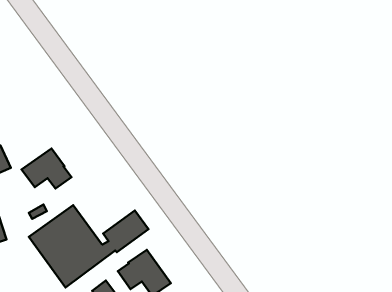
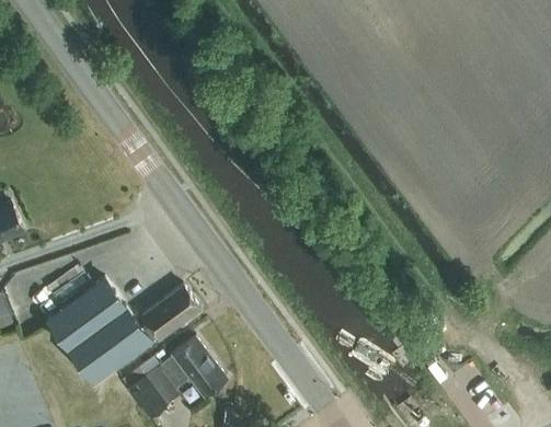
building: [22,148,71,189] -> none

